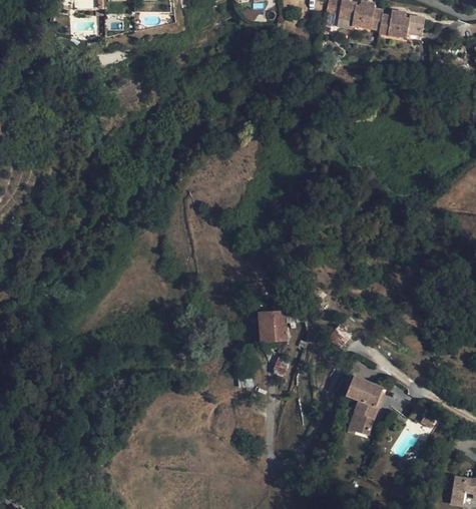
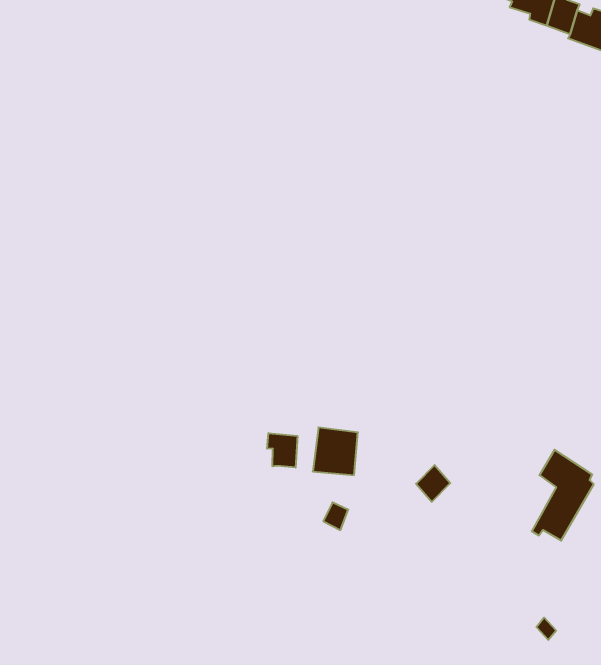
building: none -> [267,433,297,468]
building: [347,376,383,434] -> [532,450,594,541]

